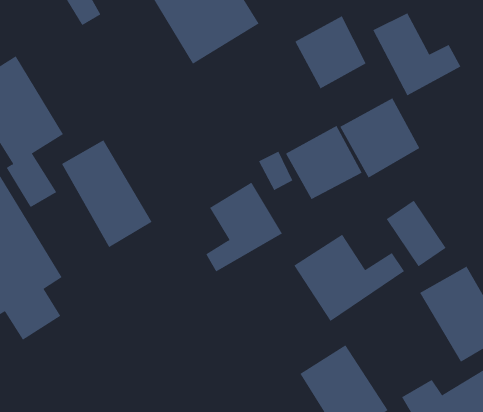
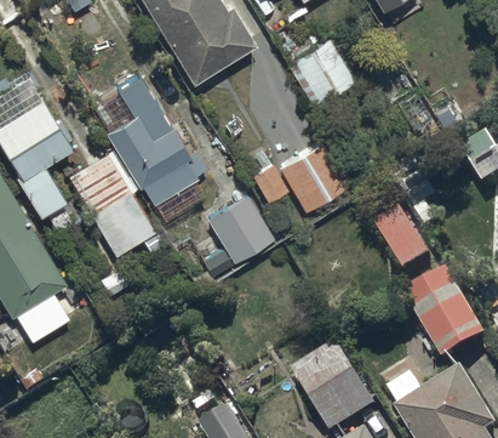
building: [372,12,461,96] -> none
building: none -> [104,99,206,201]
building: [339,97,420,178] -> none
building: [294,234,405,322] -> none

